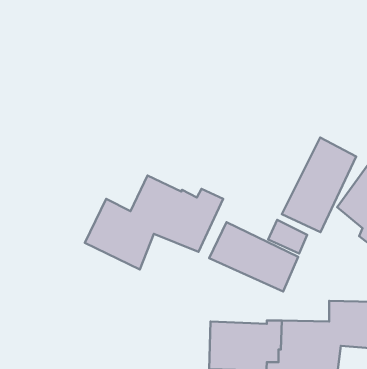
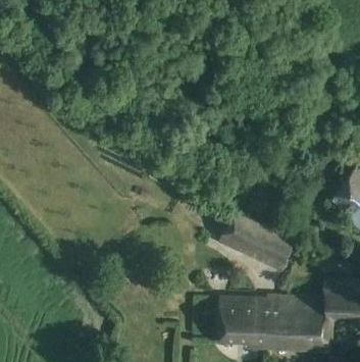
building: [282,138,356,232] -> none
building: [85,176,223,270] -> none

